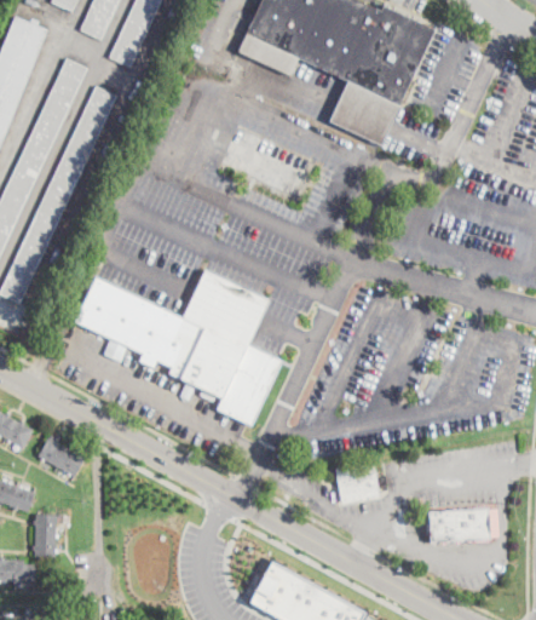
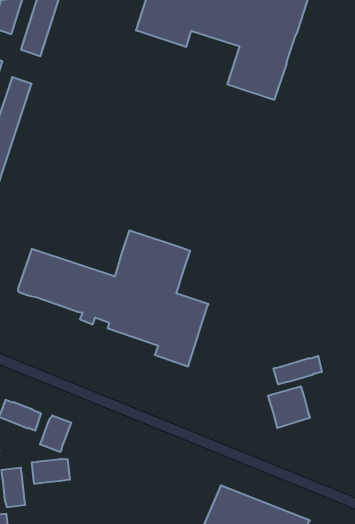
building: none -> [273,356,322,384]
building: none -> [40,415,71,452]
building: none -> [32,459,70,484]

